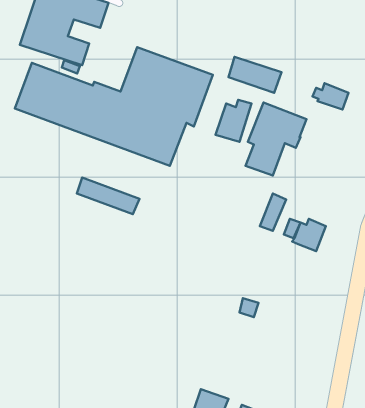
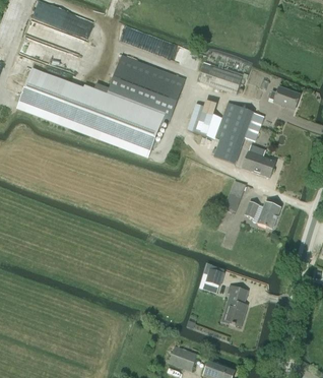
building: none -> [242,145,275,178]
building: [77,177,140,214] -> none
building: none -> [222,286,247,325]

